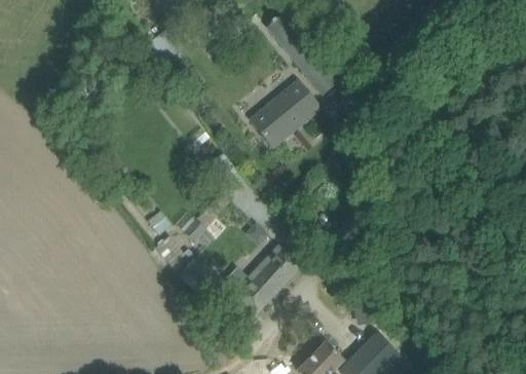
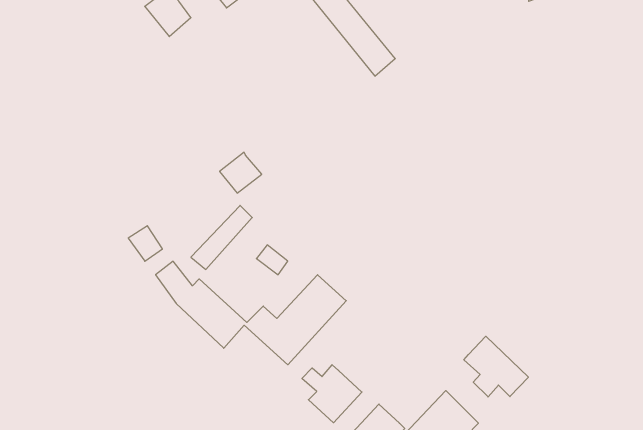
building: [250,80,318,145] -> none
building: none -> [464,336,528,397]
building: none -> [302,365,362,423]

